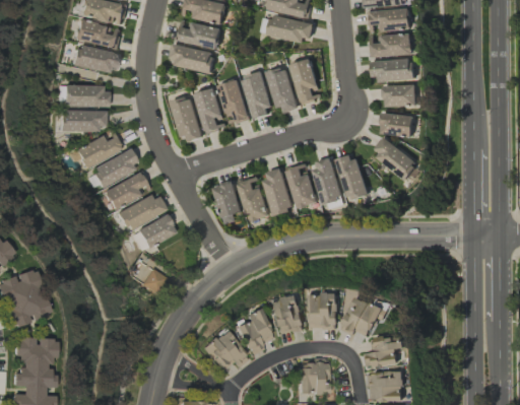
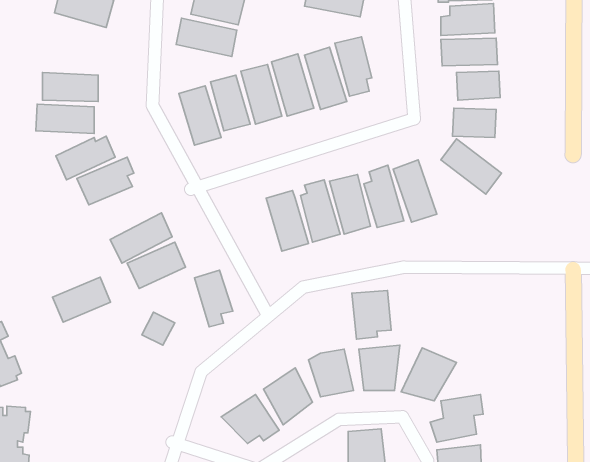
building: [72,46,119,74] -> none
building: [104,174,148,208] -> [52,277,111,322]
building: [212,181,242,224] -> [194,270,233,327]
building: none -> [352,290,391,339]

